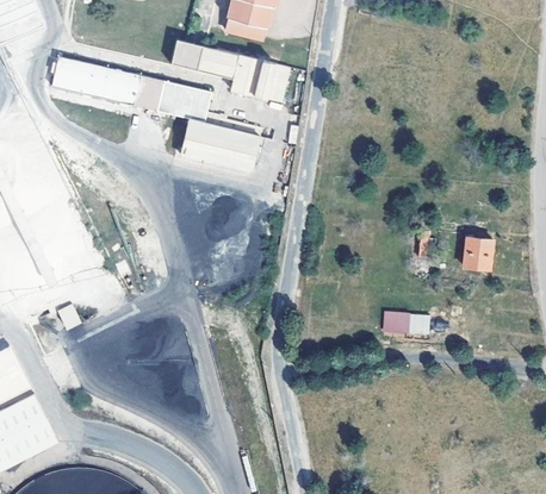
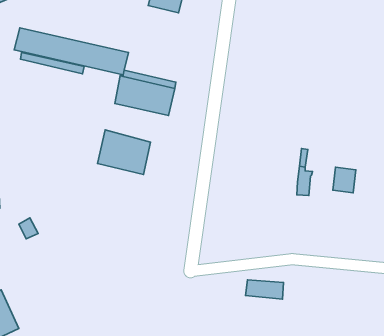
building: [170,38,288,100] -> none
building: none -> [98,130,151,174]
building: [381,311,430,336] -> [246,280,283,299]

